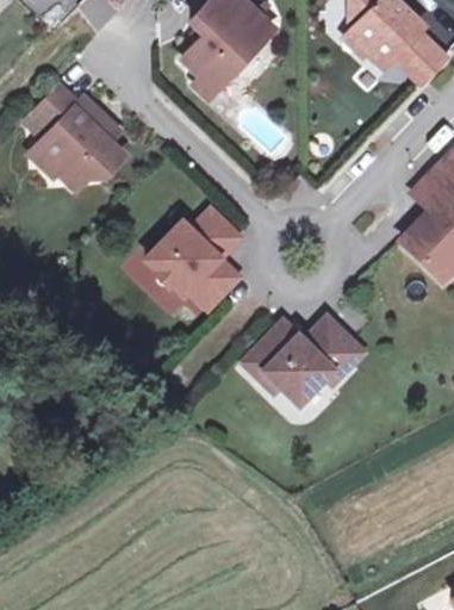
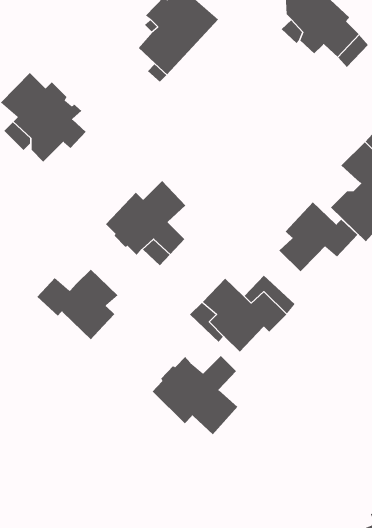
building: none -> [278,201,358,272]
building: none -> [37,269,119,340]
building: none -> [152,355,238,435]

